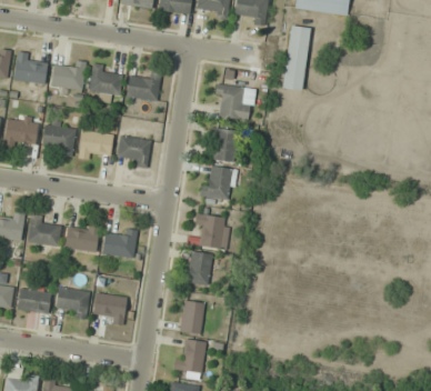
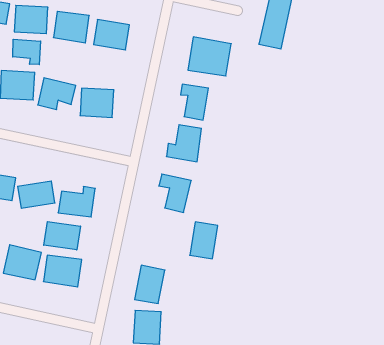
building: none -> [13,39,41,65]
building: [187,251,211,284] -> [190,222,218,259]
building: none -> [44,222,80,250]

